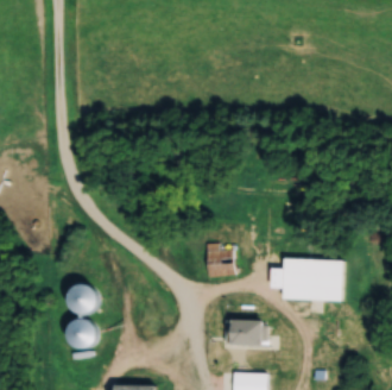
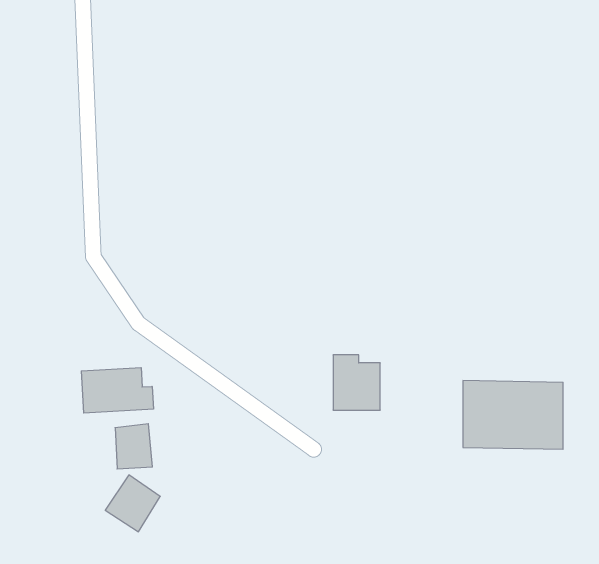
building: none -> [81,368,153,413]
building: [226,319,264,346] -> none

